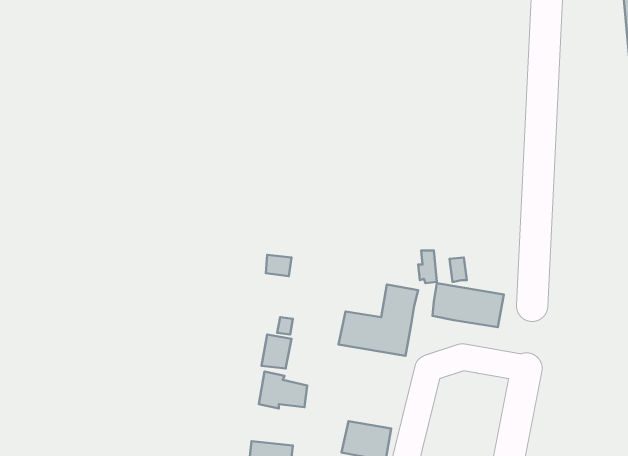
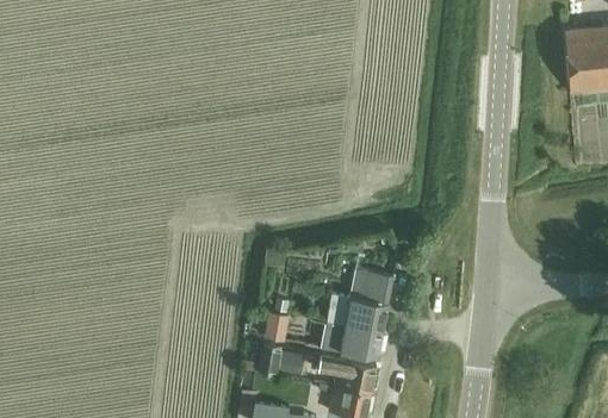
building: [432,283,504,327] -> [323,322,383,358]
building: none -> [318,355,376,392]

